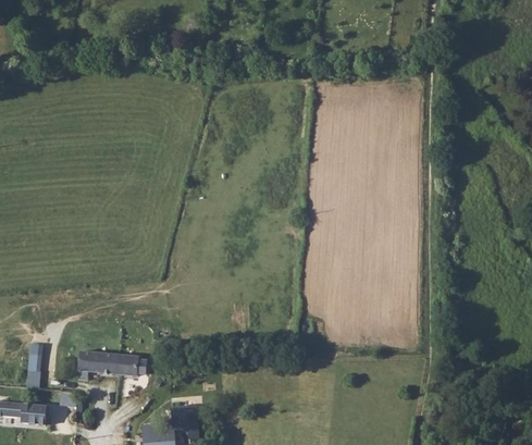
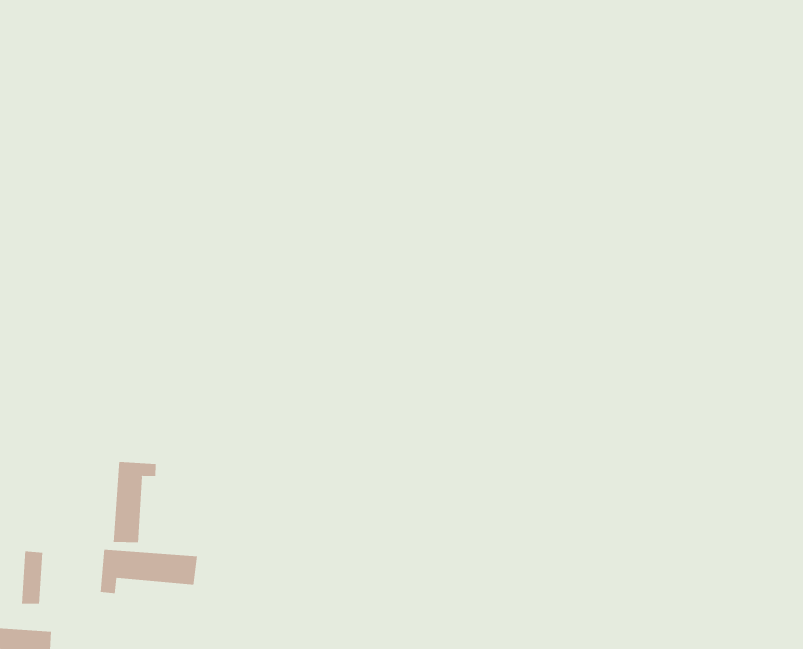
building: none -> [113,461,156,543]

